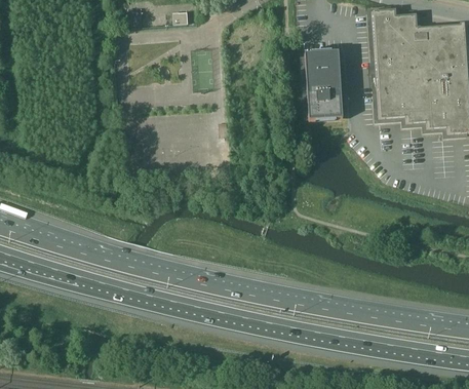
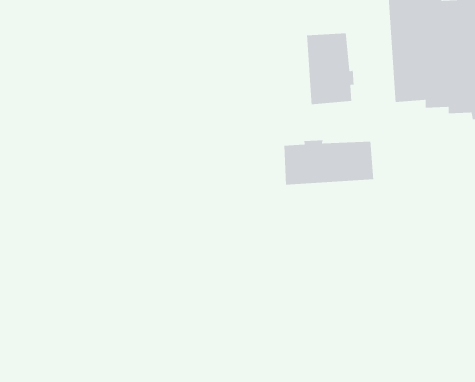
building: none -> [284,139,374,186]

